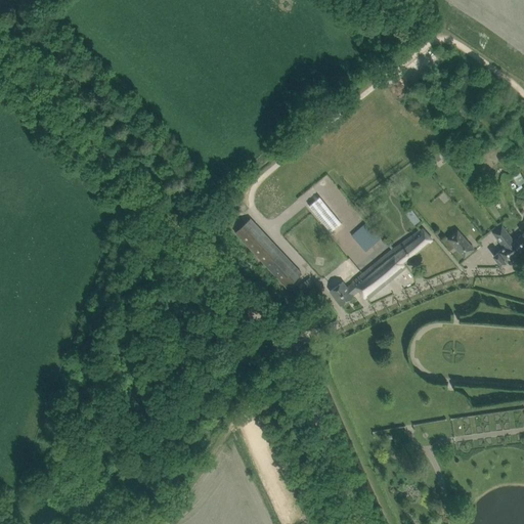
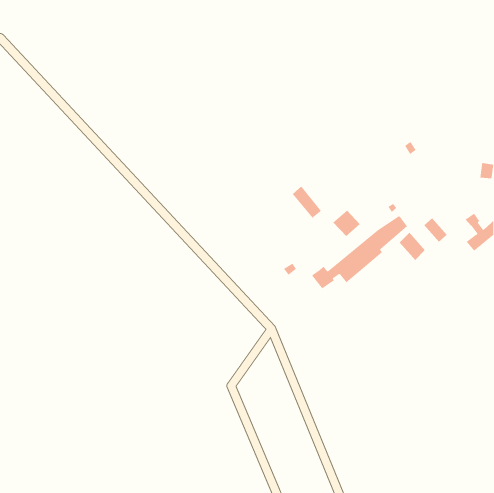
building: [235,219,302,290] -> none
building: none -> [399,232,426,261]

